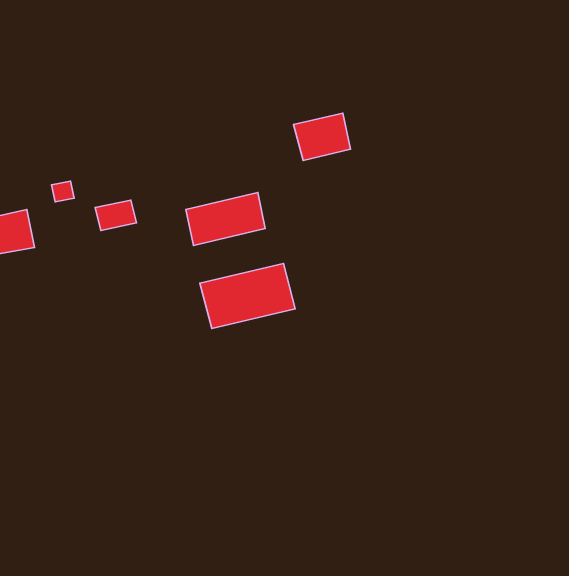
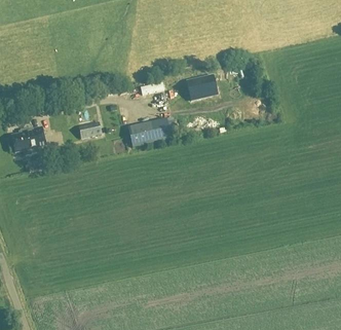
building: [200,263,295,329] -> none

